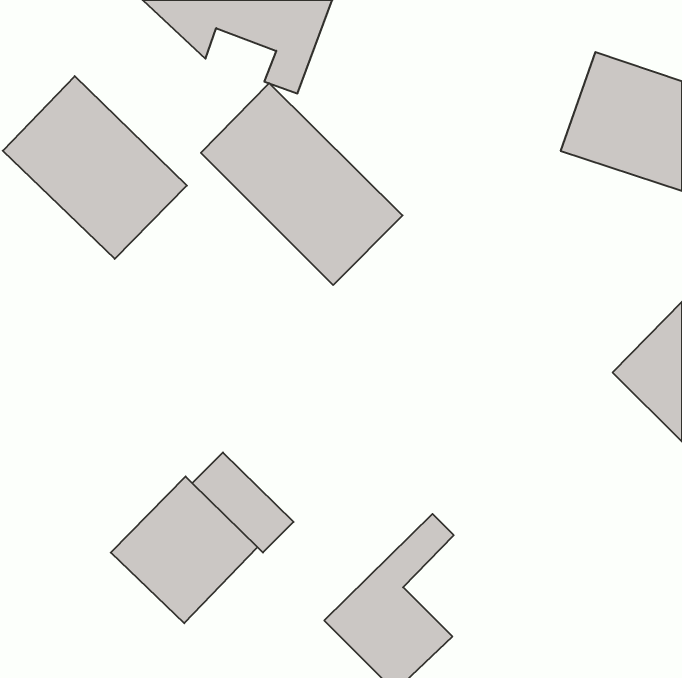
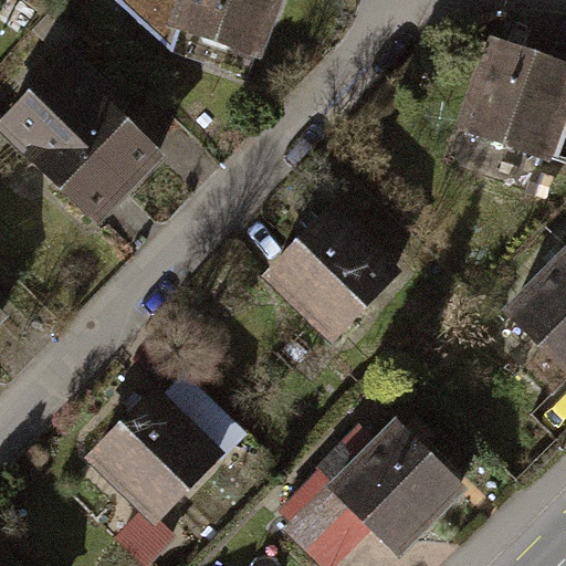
building: [201,83,403,285] -> none
building: none -> [270,216,391,337]
building: none -> [334,418,457,551]

